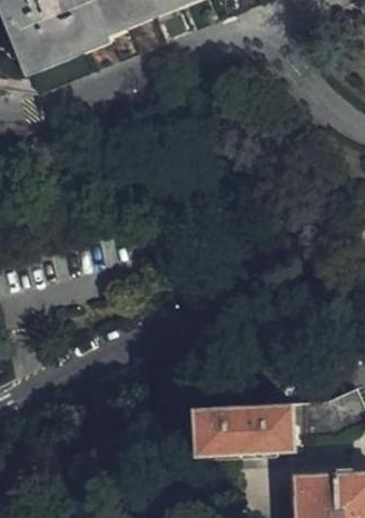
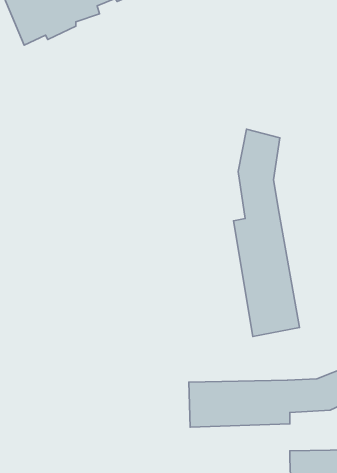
building: none -> [234,129,299,337]

